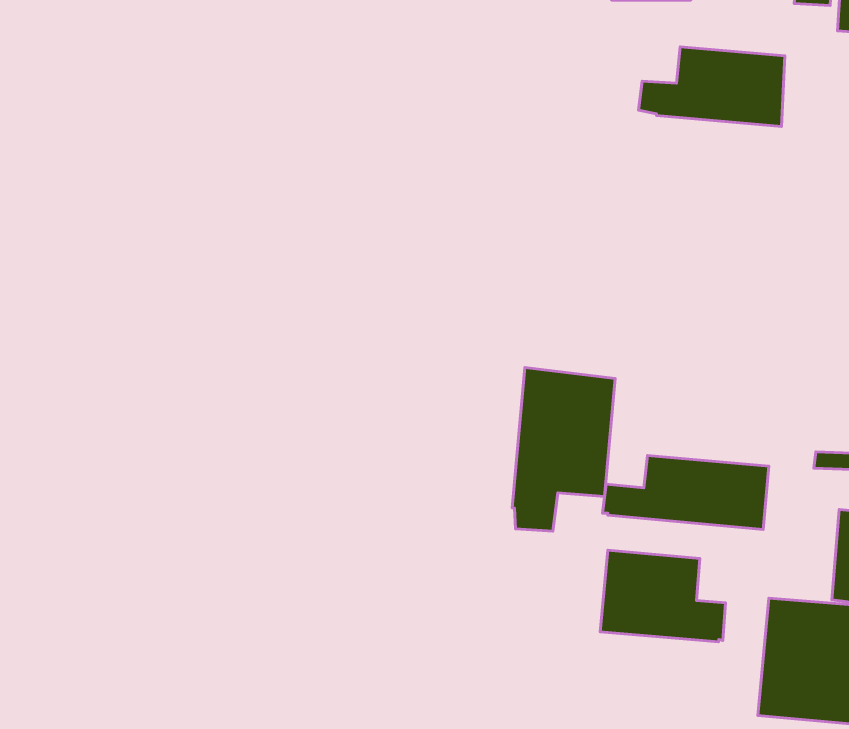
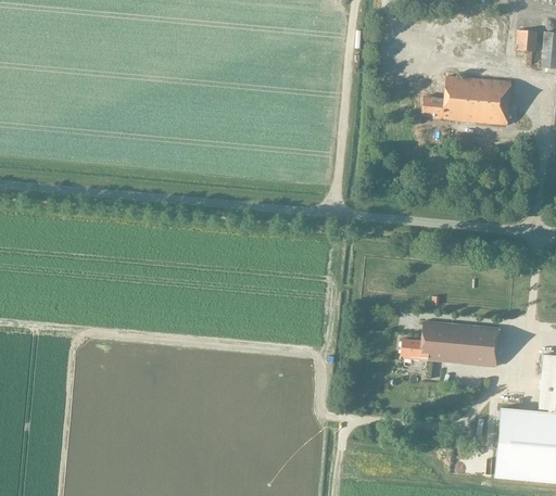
building: [512,368,615,531] -> none
building: [600,550,726,642] -> none

